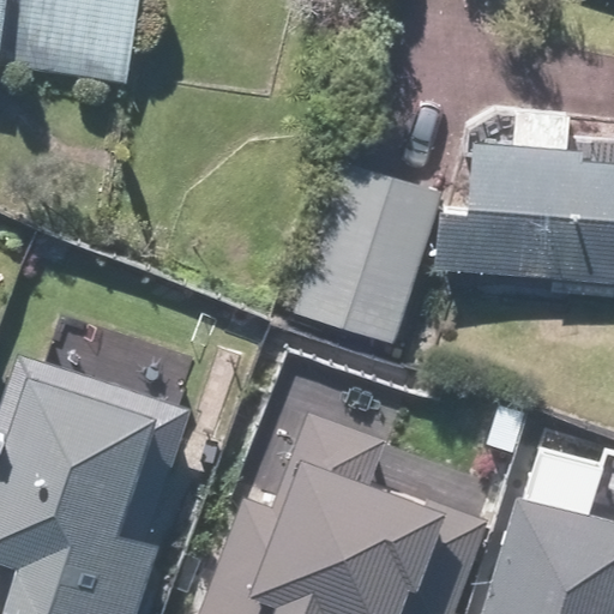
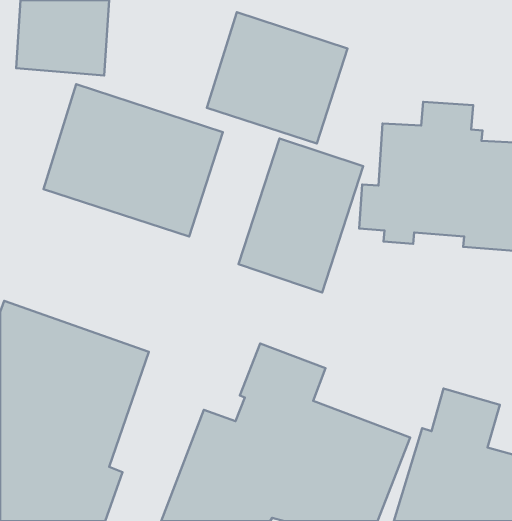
building: none -> [207,12,347,144]
building: none -> [44,84,223,237]

